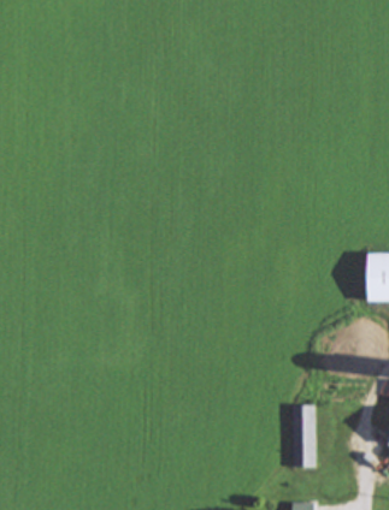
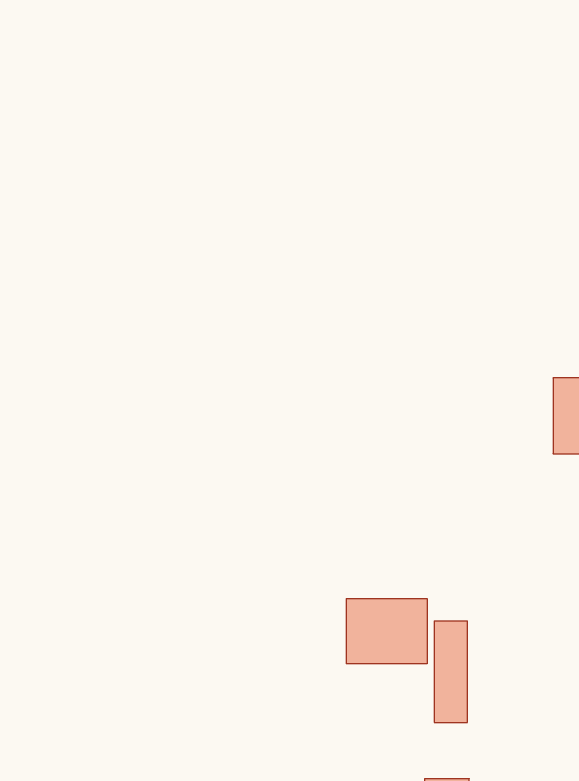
building: none -> [346,599,427,664]

